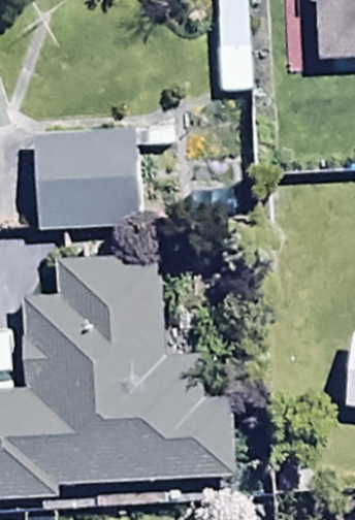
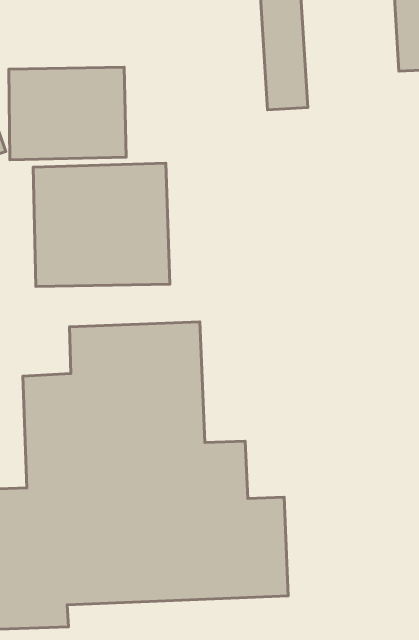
building: none -> [9,67,126,160]

